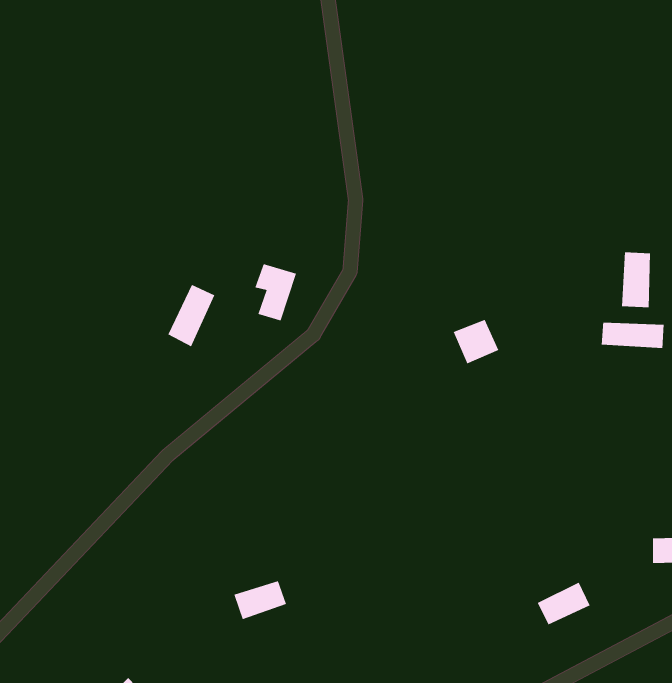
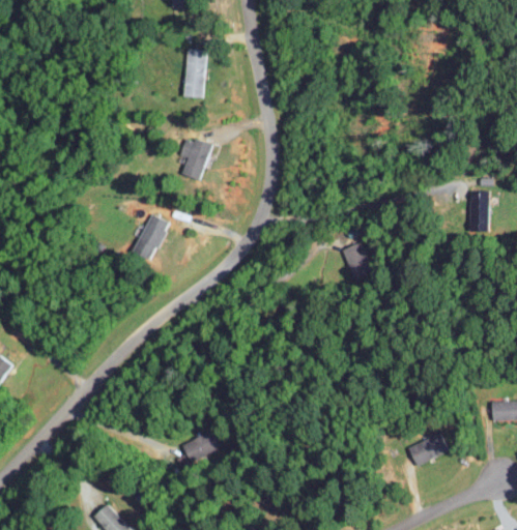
building: none -> [182,50,205,97]
building: [255,264,297,321] -> [179,138,210,180]
building: [601,322,664,349] -> none

